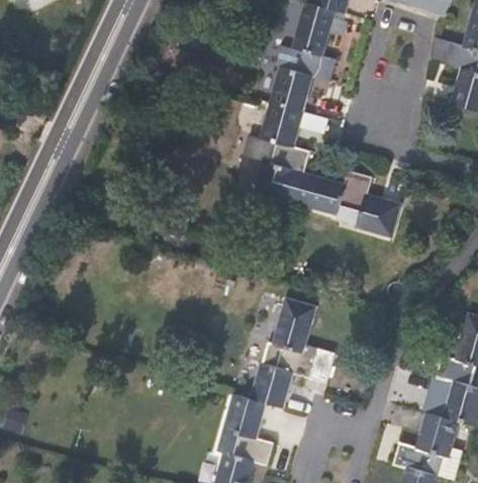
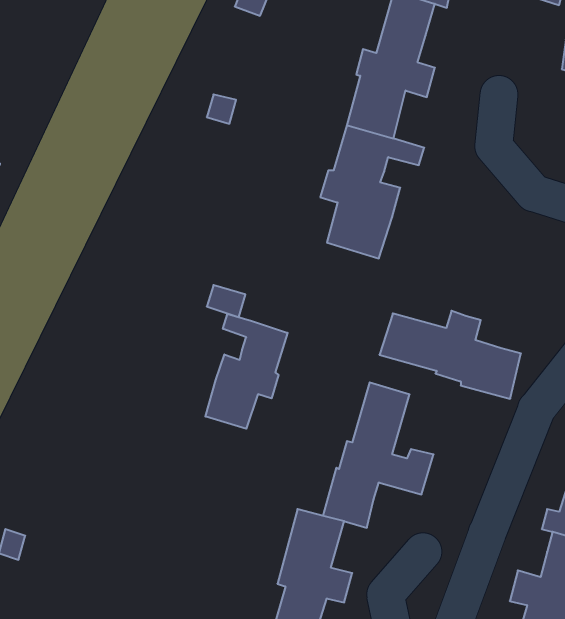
building: [293,170,400,236] -> [379,311,521,399]
building: none -> [205,314,288,429]

